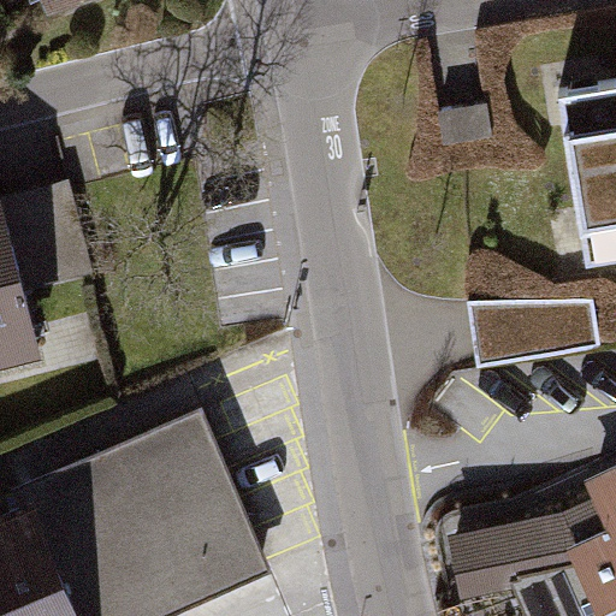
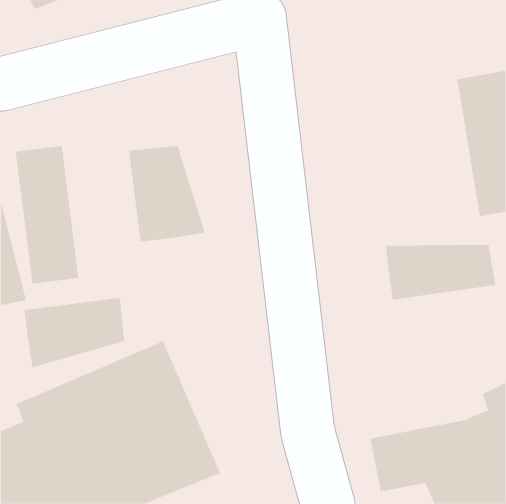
building: none -> [128,145,206,242]
building: none -> [24,297,125,368]

